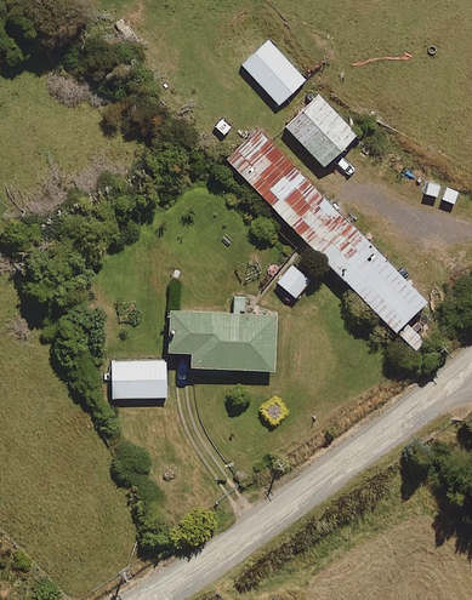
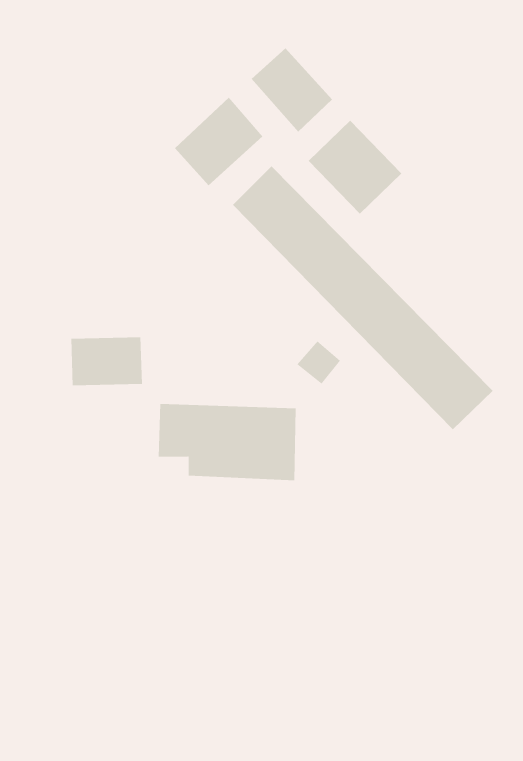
building: none -> [174,97,263,186]
building: [112,361,167,399] -> [70,337,143,386]

